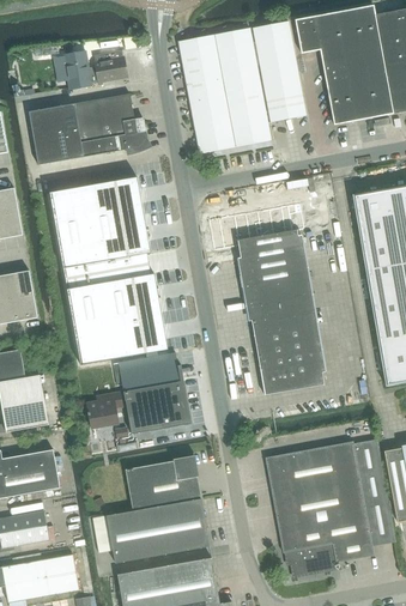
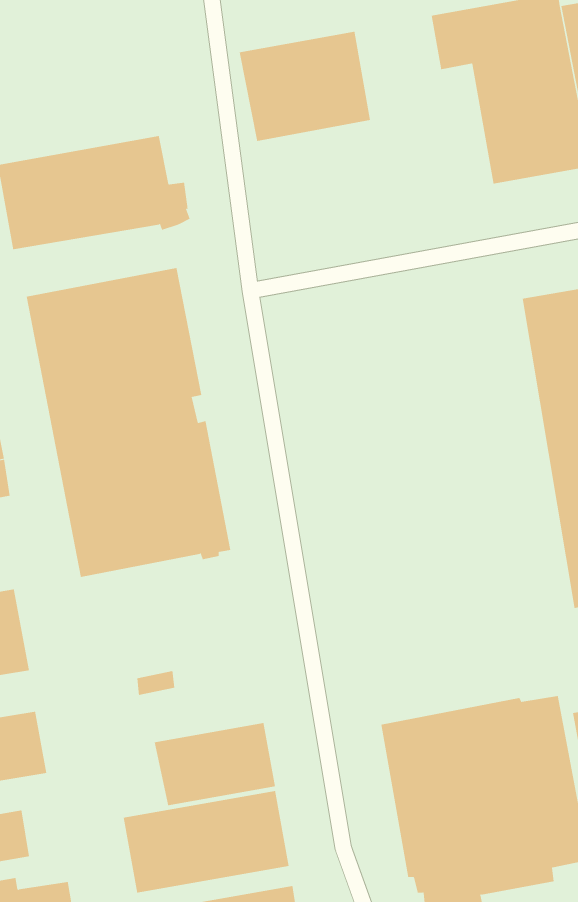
building: [252,20,308,122] -> none
building: [67,49,127,86] -> none
building: [189,84,271,152] -> none
building: [208,204,325,394] -> none
building: [116,352,192,428] -> none
building: [85,390,122,428] -> none

